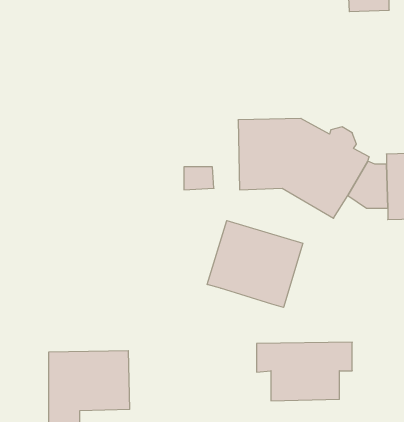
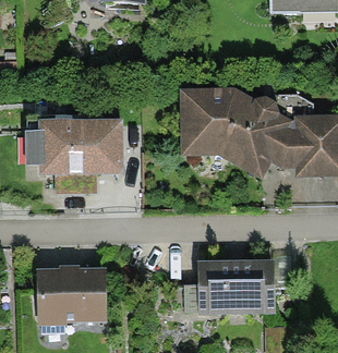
building: none -> [27,122,120,190]
building: [207,221,303,307] -> none

